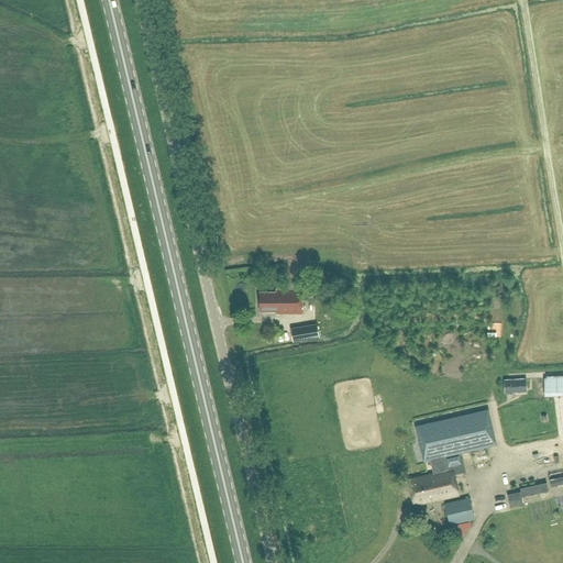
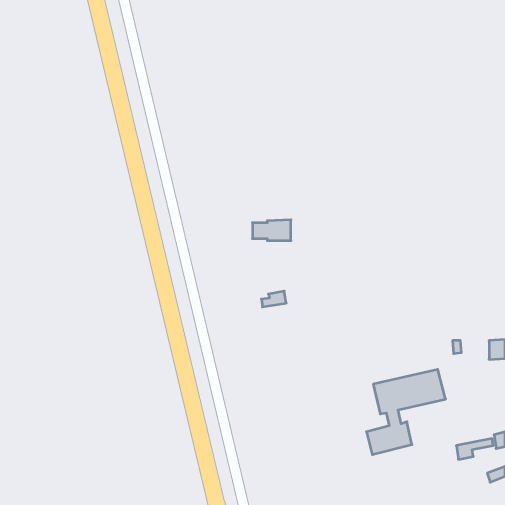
building: [258,289,301,312] -> [252,220,291,241]
building: [444,497,473,525] -> none

